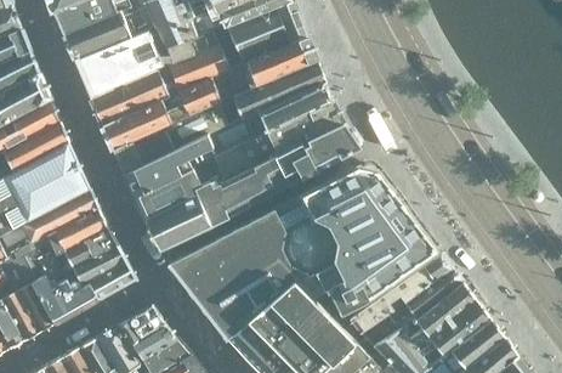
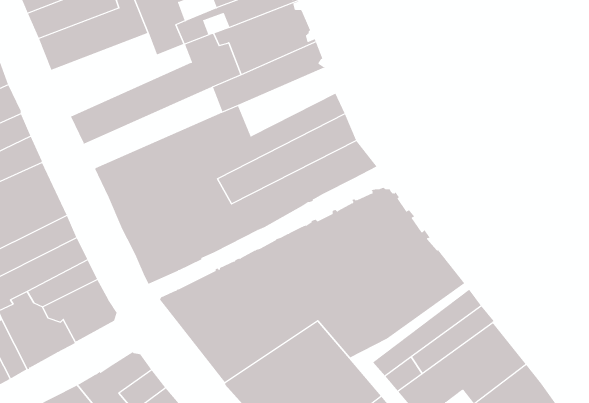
building: [74,32,197,104] -> none
building: [238,61,323,121] -> none
building: [103,79,223,149] -> none

